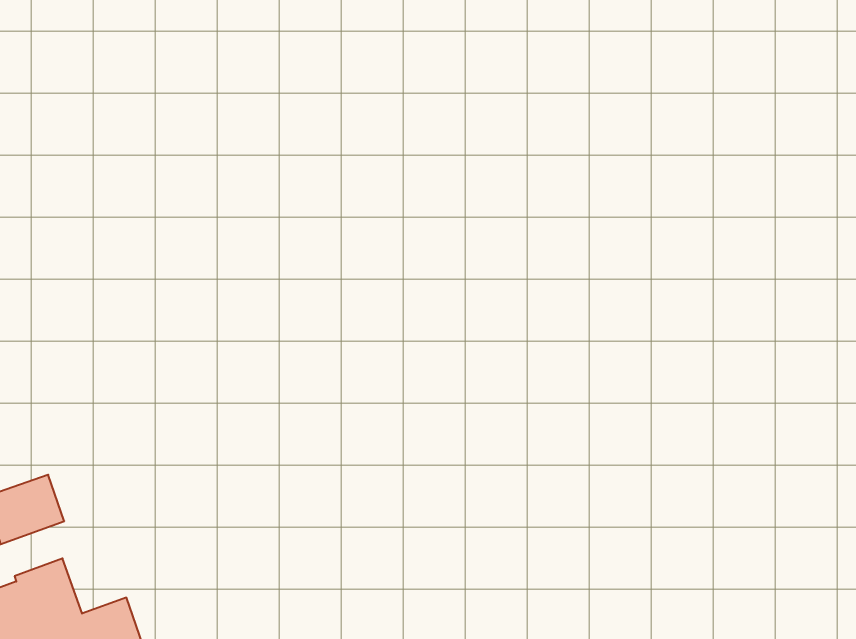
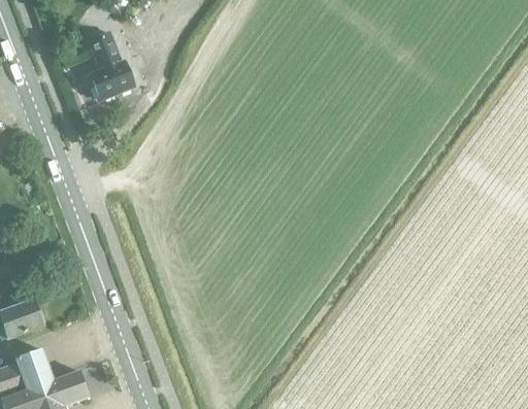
building: none -> [87,31,134,100]

